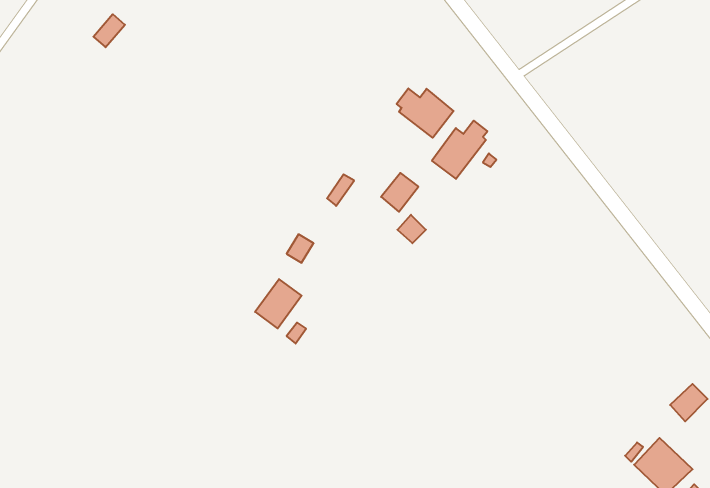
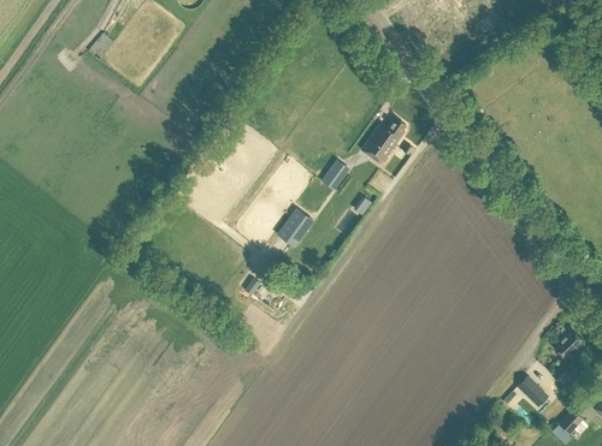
building: [397,88,454,138] -> none
building: [255,279,302,328] -> [277,207,314,246]

